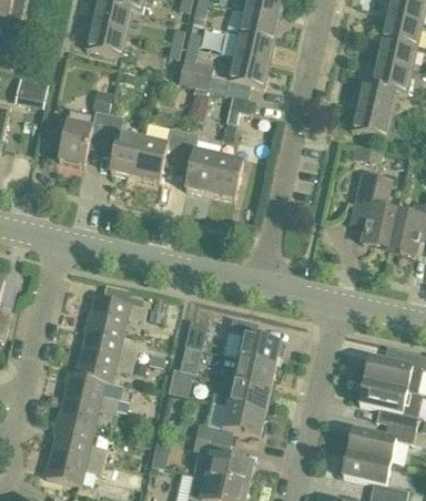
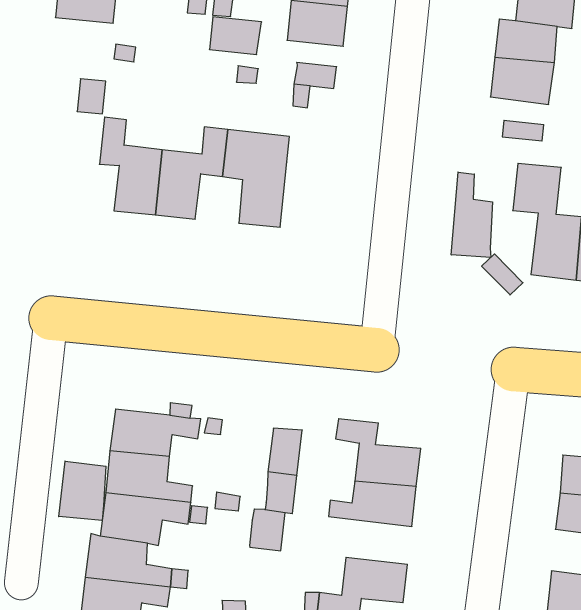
building: [58,109,109,166] -> none
building: [210,155,243,201] -> none
building: none -> [451,172,492,257]
building: none -> [59,461,106,521]
building: [213,378,270,413] -> none

